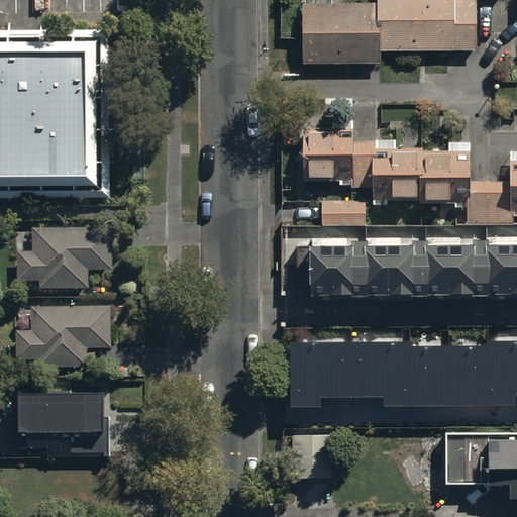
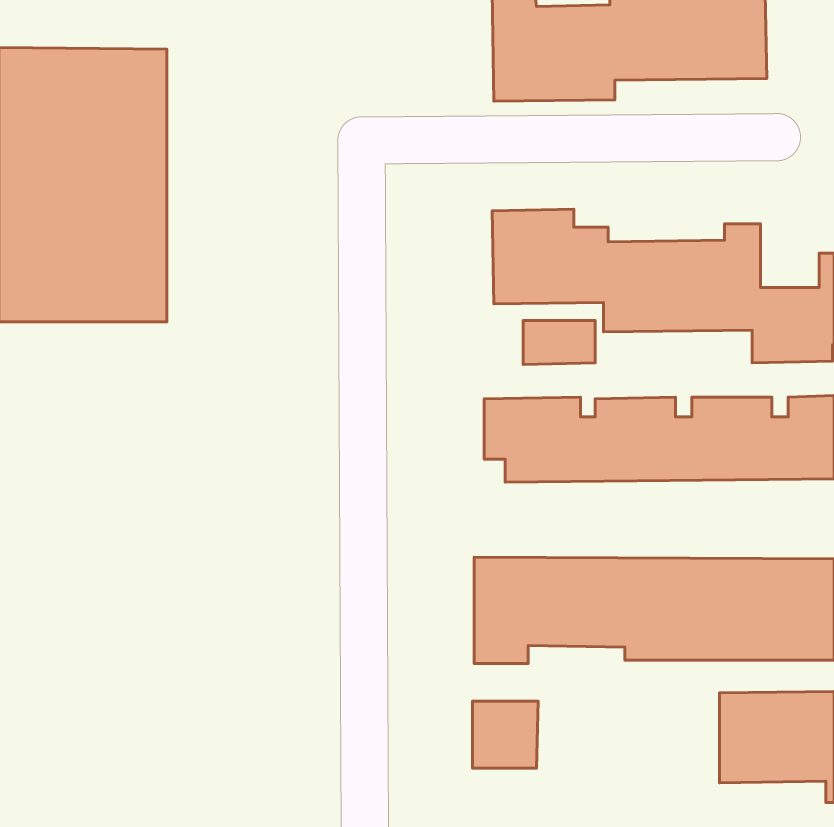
building: [18,222,113,285] -> none
building: [16,303,111,366] -> none
building: [14,393,109,455] -> none

